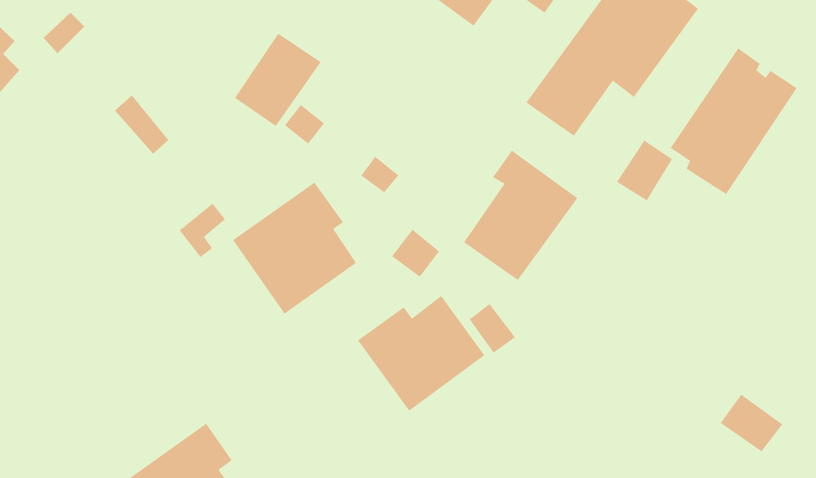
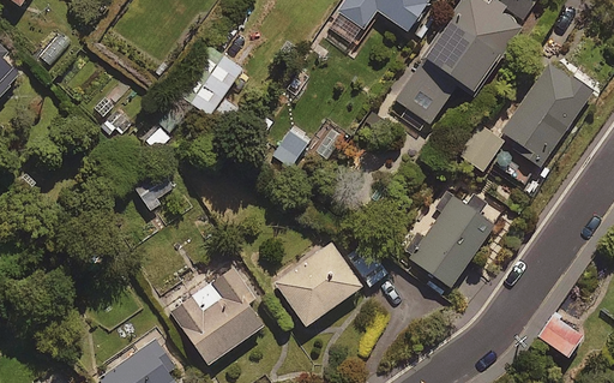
building: [463,150,578,281] -> [410,191,495,288]
building: [232,182,357,314] -> [170,268,263,366]

